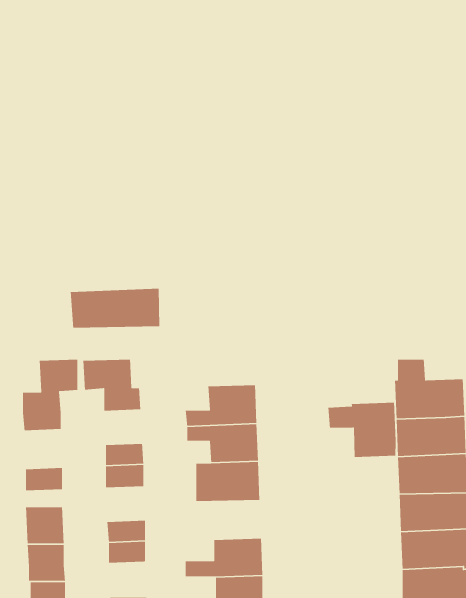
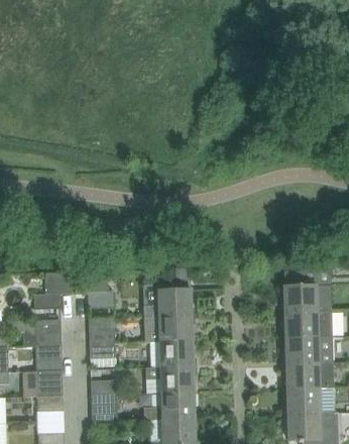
building: [70,288,160,329] -> none
building: [327,402,397,458] -> none
building: none -> [35,320,62,346]
building: none -> [145,367,195,394]

